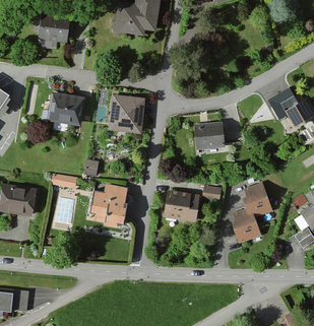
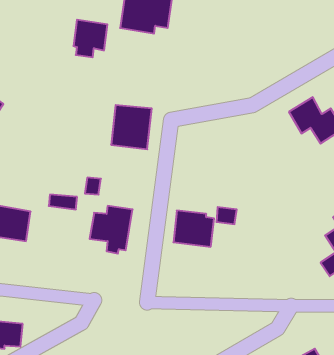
building: [39,15,69,49] -> [73,20,107,57]
building: [47,91,85,126] -> none
building: [194,123,224,149] -> none
building: [231,183,271,243] -> none

